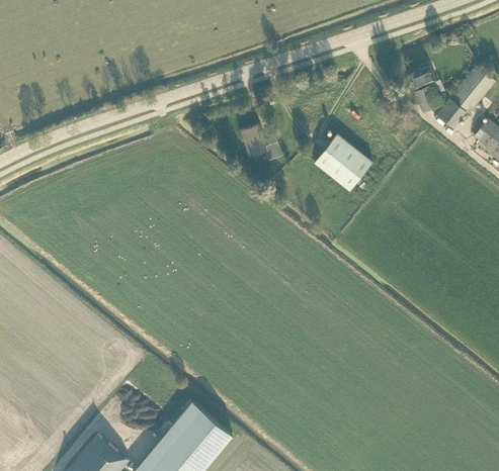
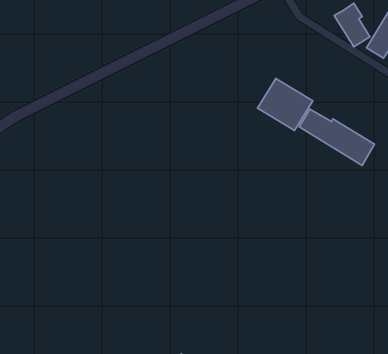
building: [240,124,281,160] -> none
building: none -> [299,109,375,166]

